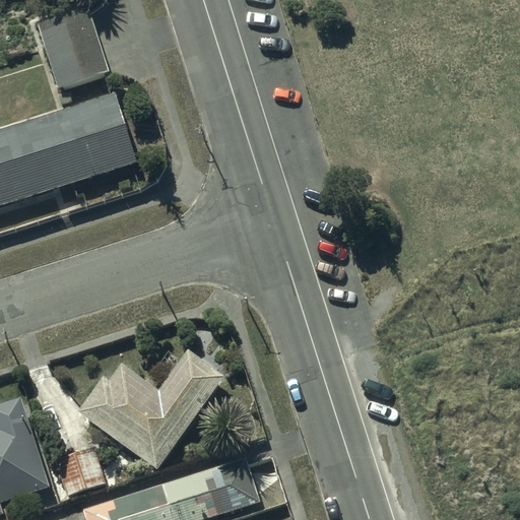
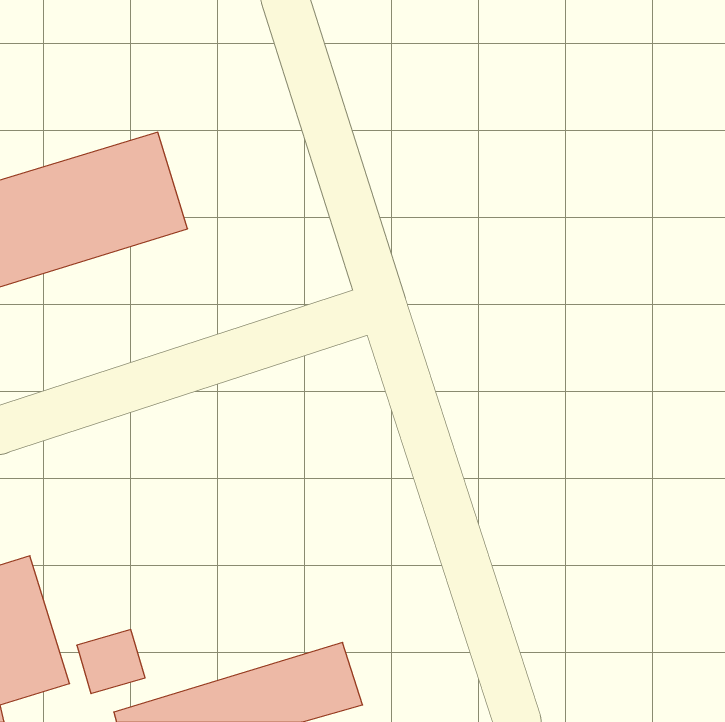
building: [39,8,108,87] -> none
building: [75,349,228,471] -> none

